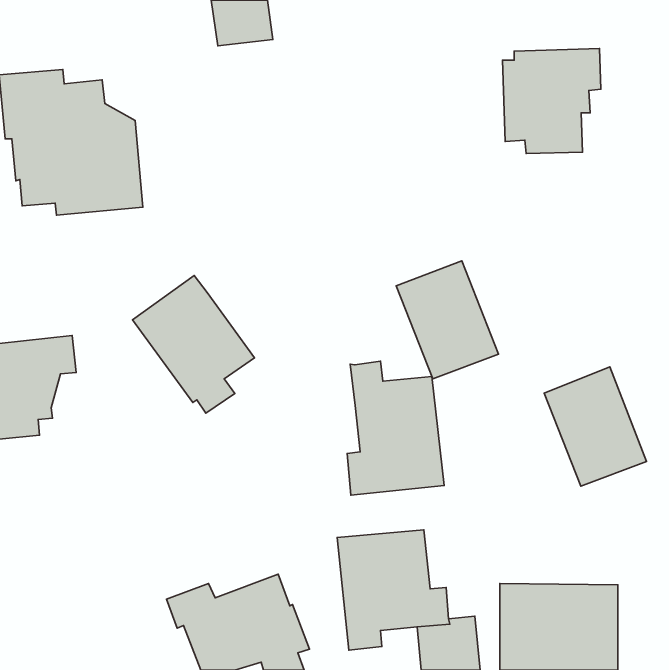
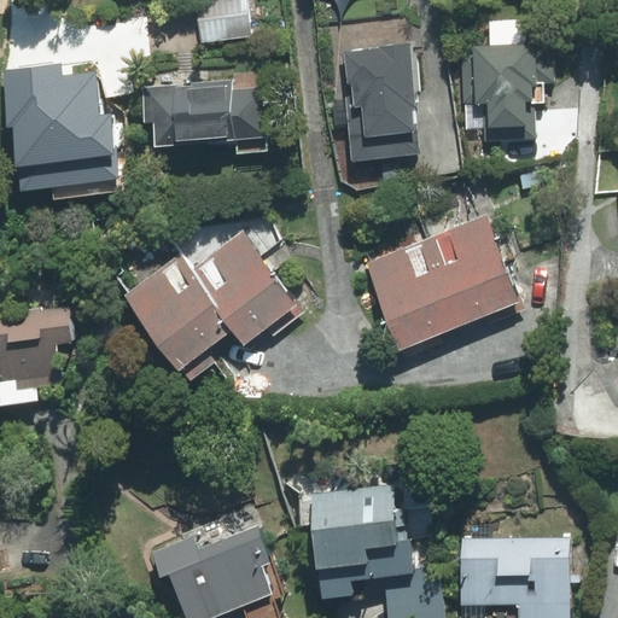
building: none -> [343,47,419,161]
building: none -> [141,80,267,153]
building: none -> [191,232,303,343]
building: [347,361,444,495] -> none
building: [544,367,647,486] -> [425,216,519,326]

